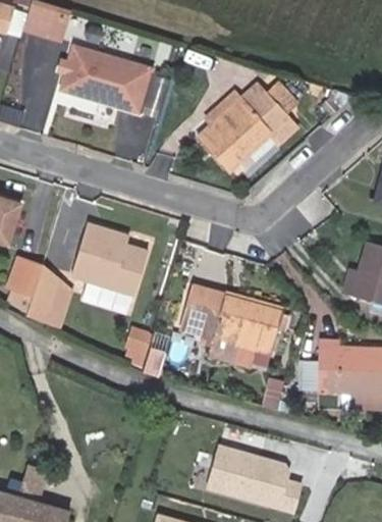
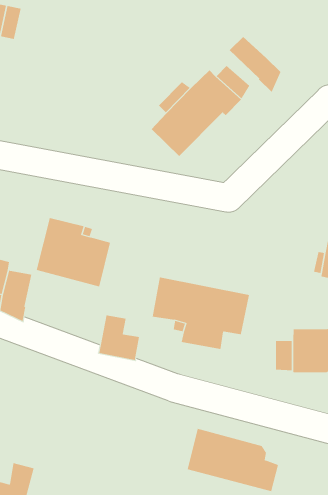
building: [62,45,173,113] -> none
building: none -> [229,36,281,93]

